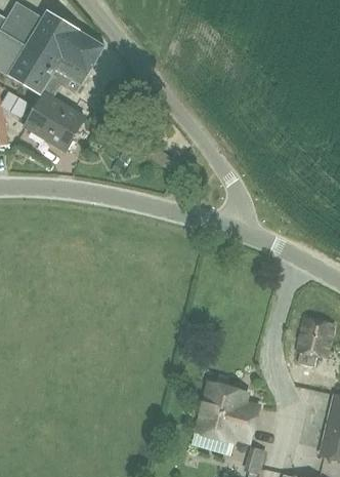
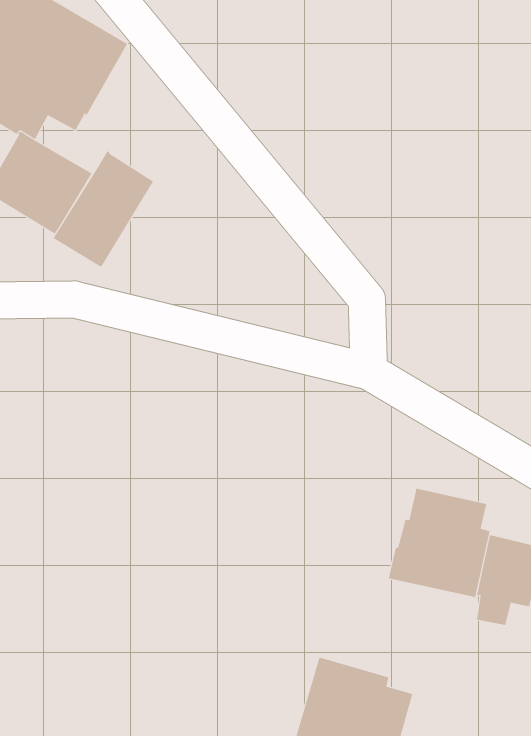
building: none -> [53,151,154,268]
building: none -> [388,488,490,598]

